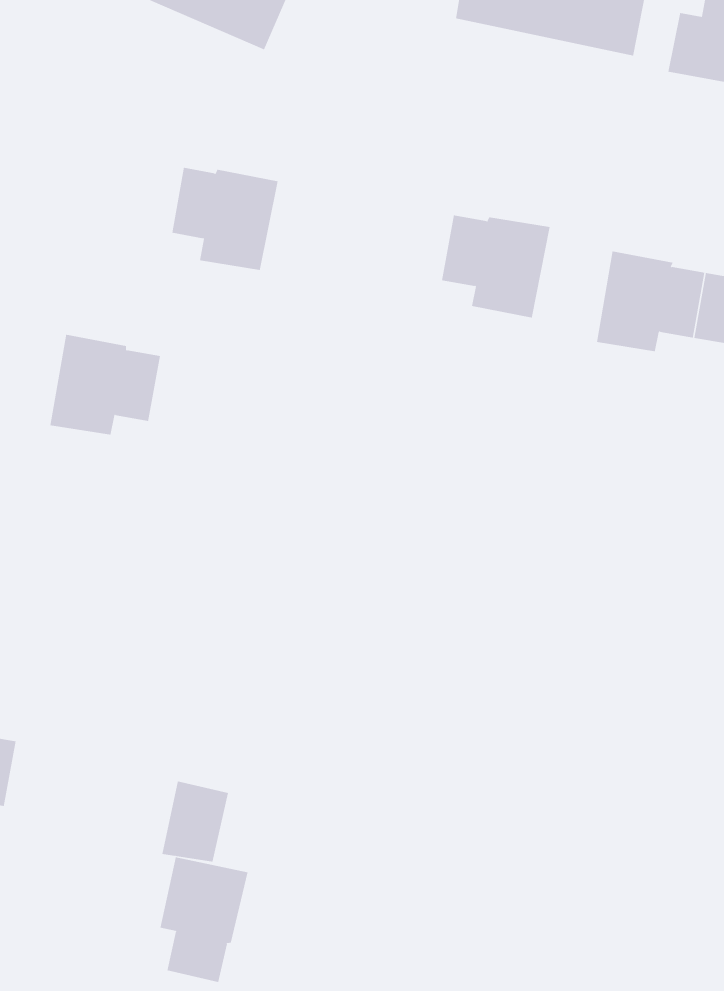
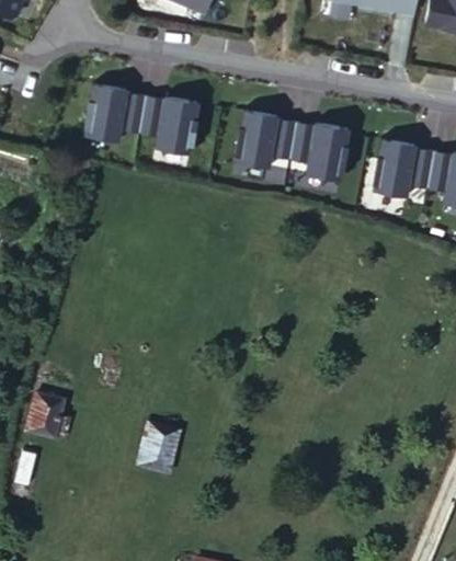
building: none -> [238,107,298,163]
building: [50,334,161,435] -> [88,81,149,137]
building: [160,856,248,983] -> none

